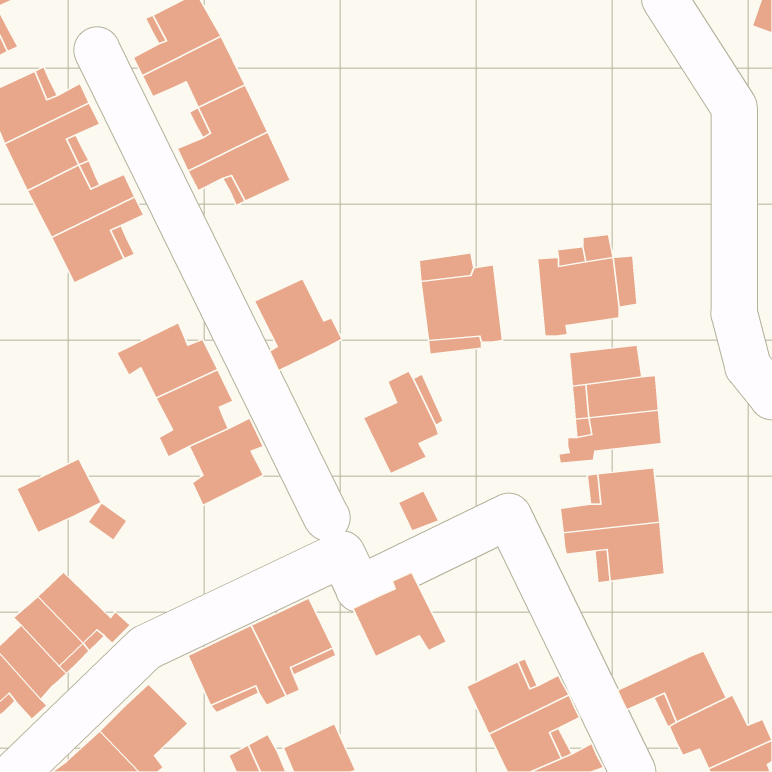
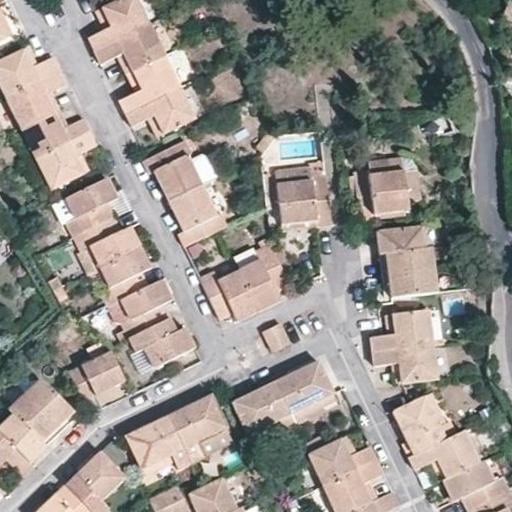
building: none -> [142,139,200,199]
building: none -> [70,174,120,233]
building: none -> [201,274,258,323]
building: [17,459,101,533] -> [67,348,123,397]
building: none -> [134,314,198,362]
building: none -> [272,361,334,424]
building: none -> [396,397,457,456]

